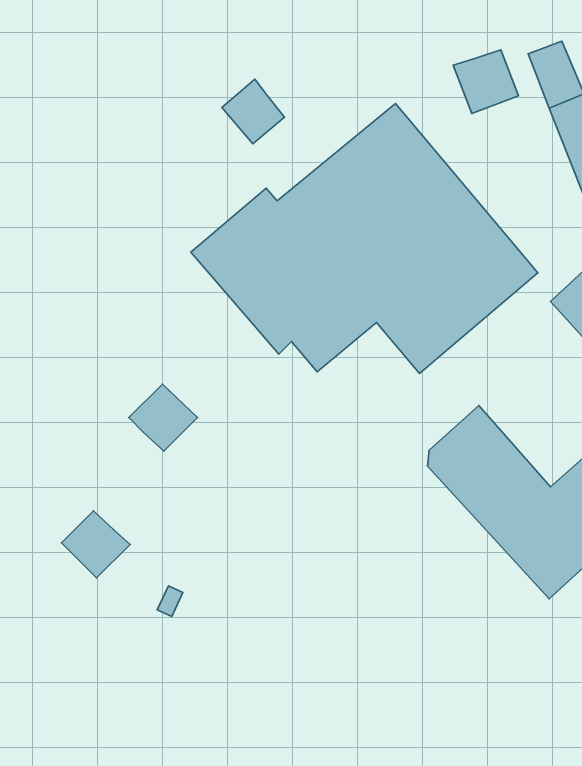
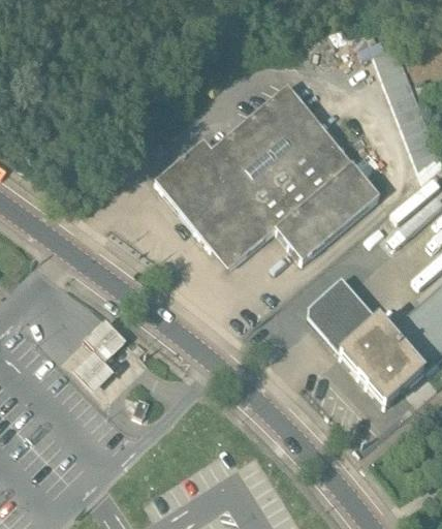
building: [453,50,518,114] -> none
building: [222,79,284,144] -> none
building: [129,384,198,451] -> [84,317,128,361]

